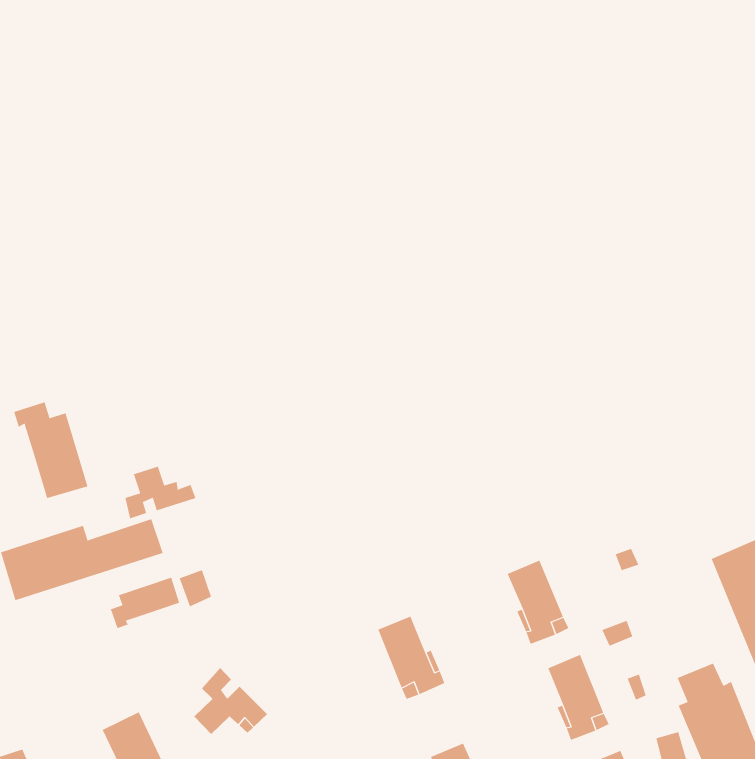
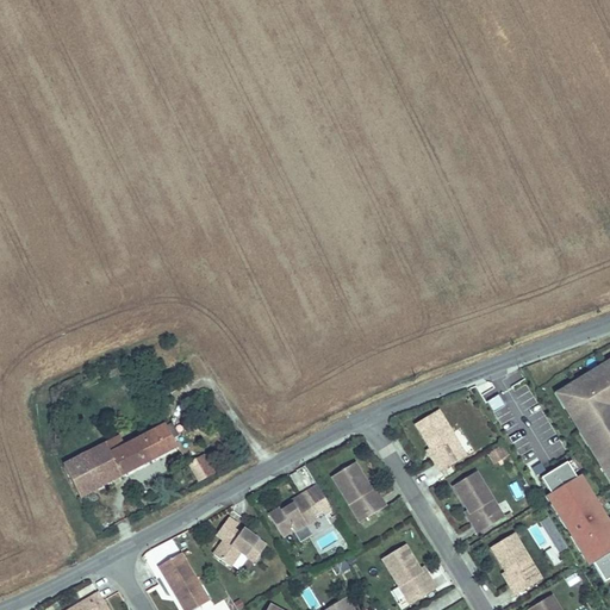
building: [13,401,88,499] -> none
building: [125,466,196,519] -> none
building: [110,577,180,629] -> none
building: none -> [270,490,322,535]

